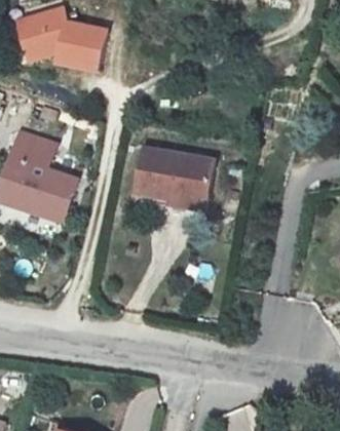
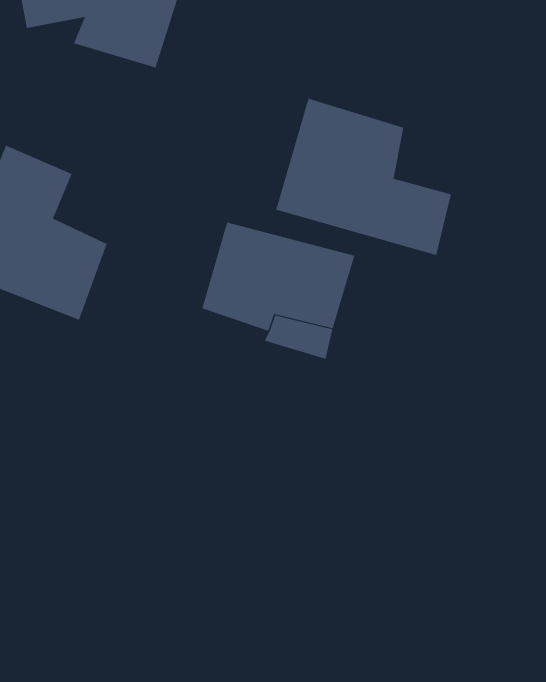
building: none -> [275,98,451,256]

